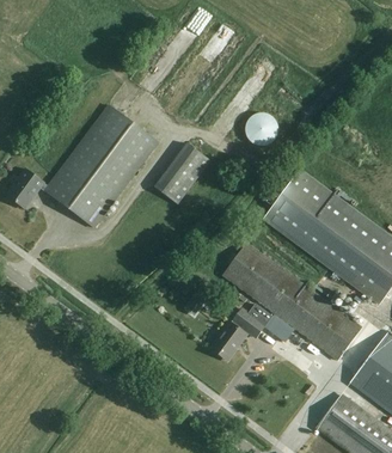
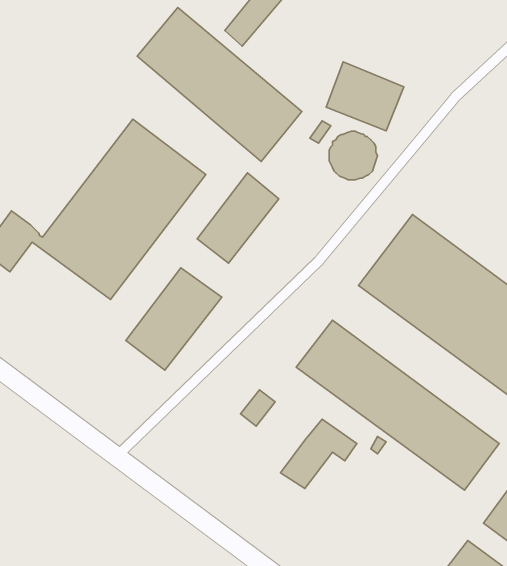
building: none -> [137,7,302,162]
building: none -> [326,62,404,131]
building: none -> [126,268,222,370]

